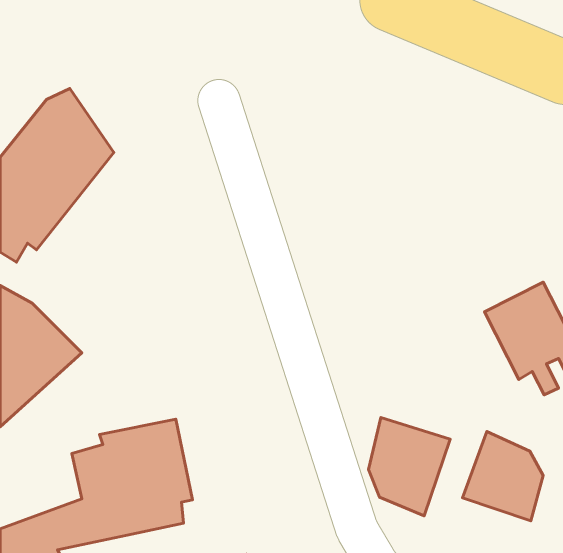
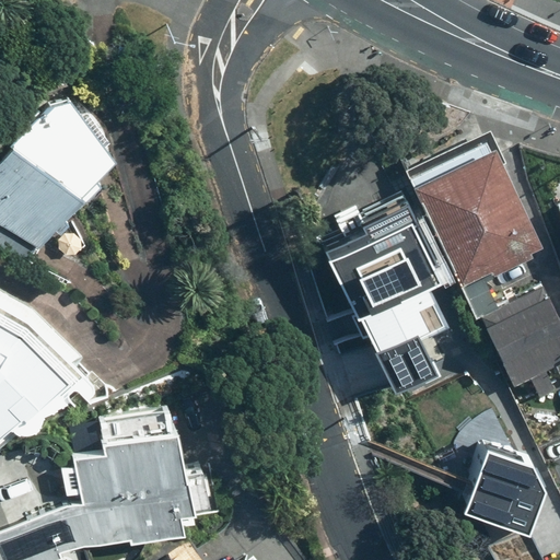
building: none -> [412,148,538,281]
building: none -> [328,210,443,382]
building: [369,418,450,516] -> none

